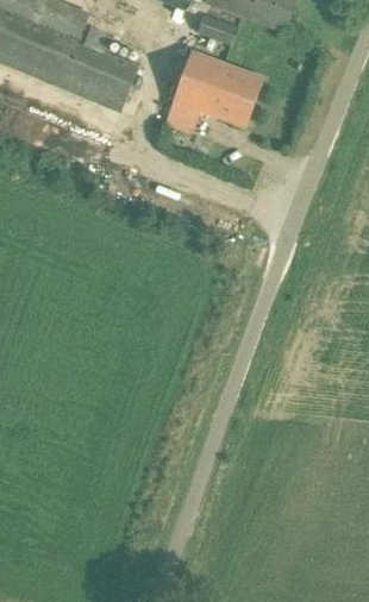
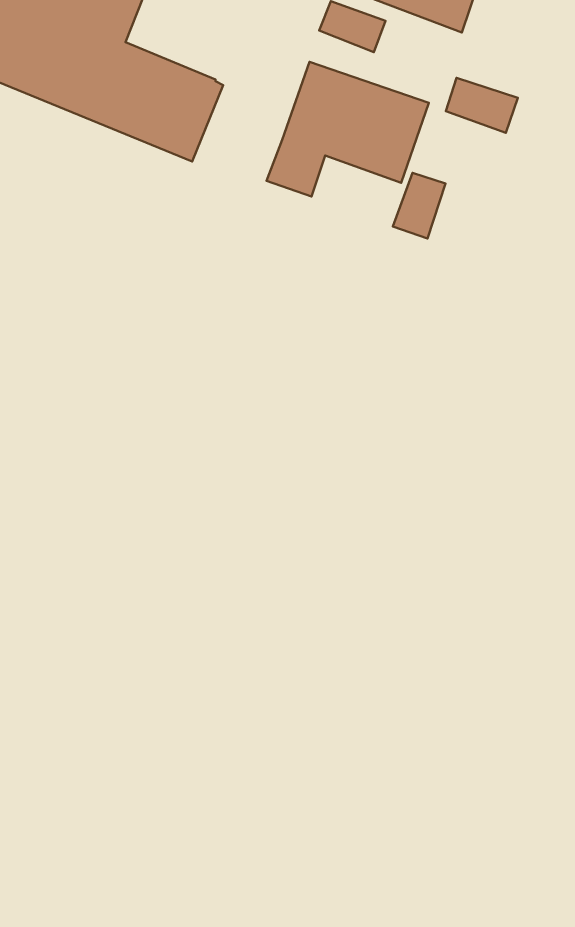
building: none -> [446,78,518,133]
building: none -> [393,173,445,238]

